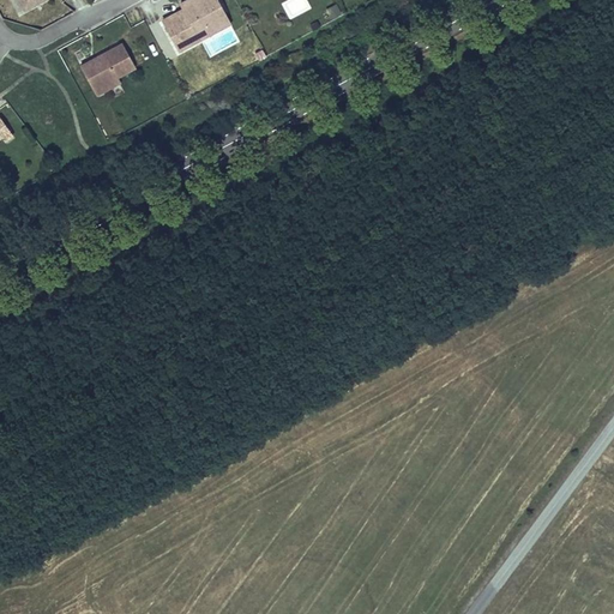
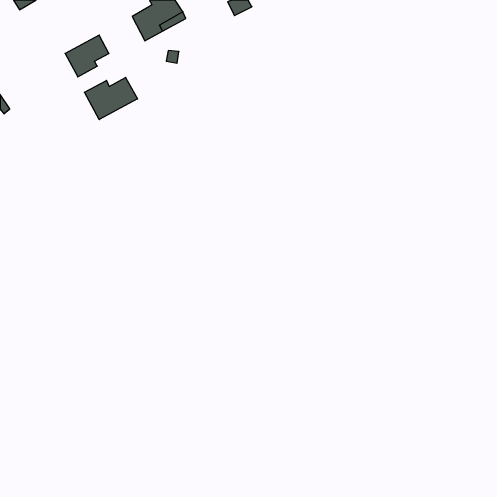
building: none -> [84,77,138,120]

